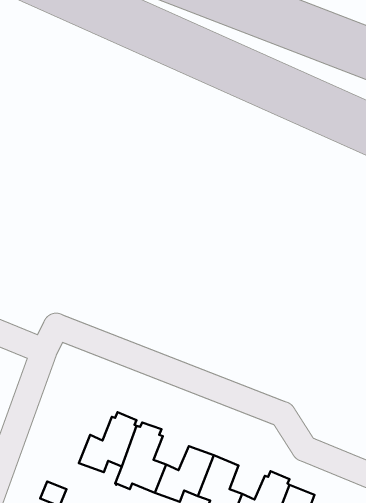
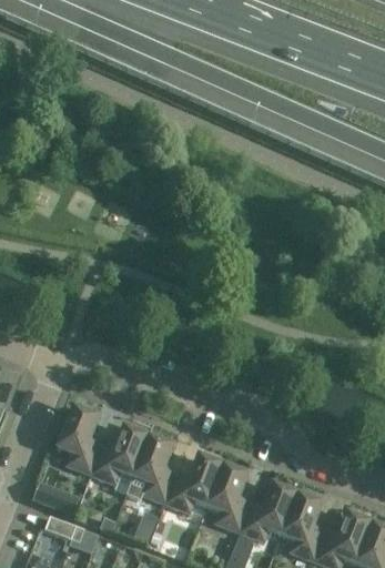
building: none -> [55,410,100,476]

